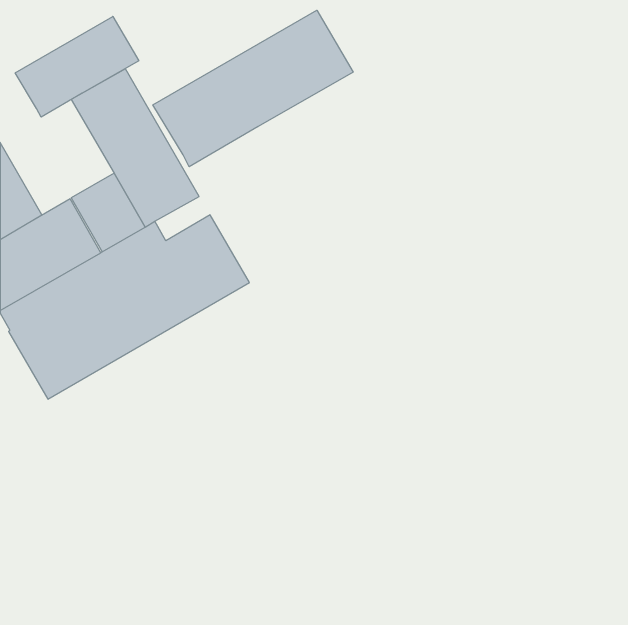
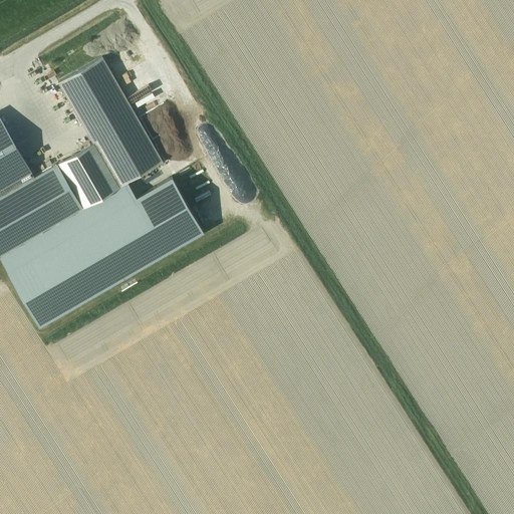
building: [153,10,353,167] -> none
building: [15,16,139,117] -> none

